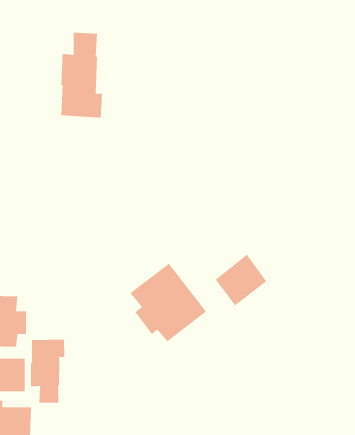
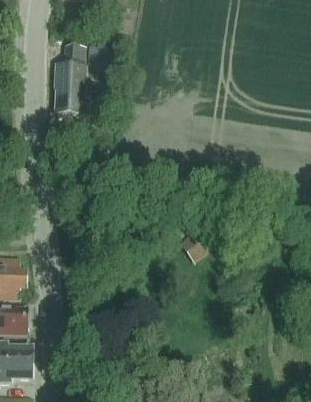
building: [129,263,207,342] -> none
building: [31,339,65,404] -> none

